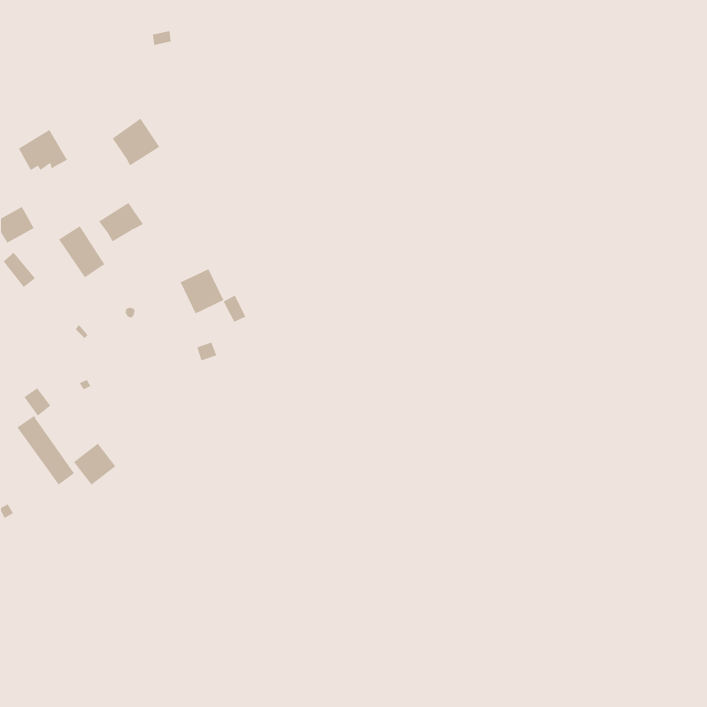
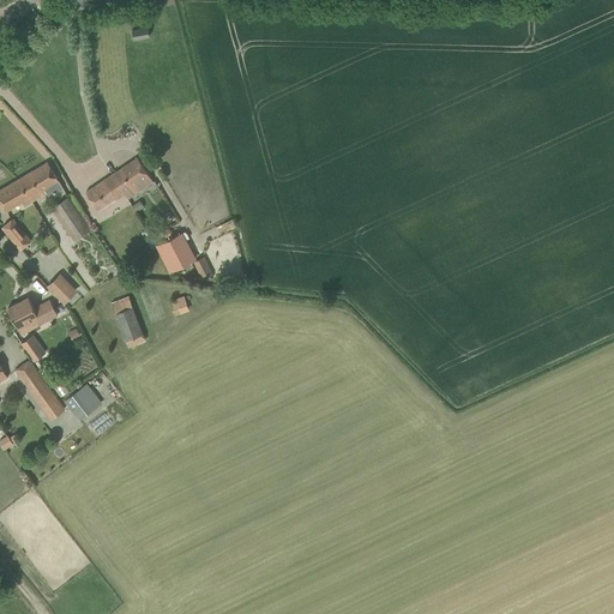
building: [112,118,160,166] -> [112,157,154,199]
building: [18,129,68,171] -> [19,162,62,198]
building: none -> [8,297,56,330]
building: none -> [114,306,143,341]

